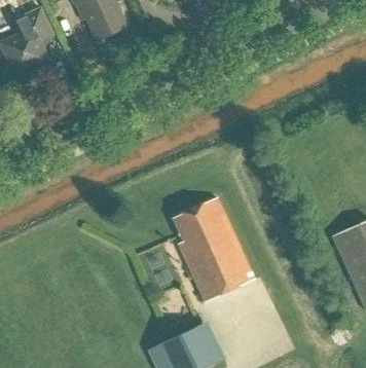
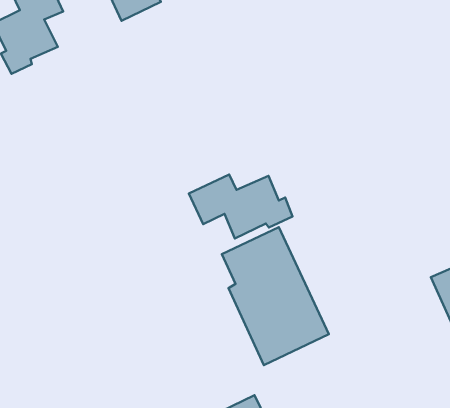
building: none -> [189,174,292,238]

